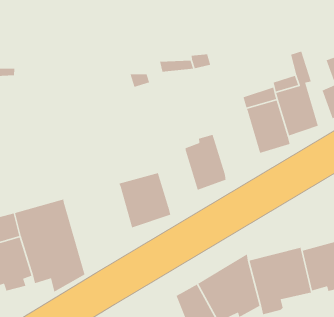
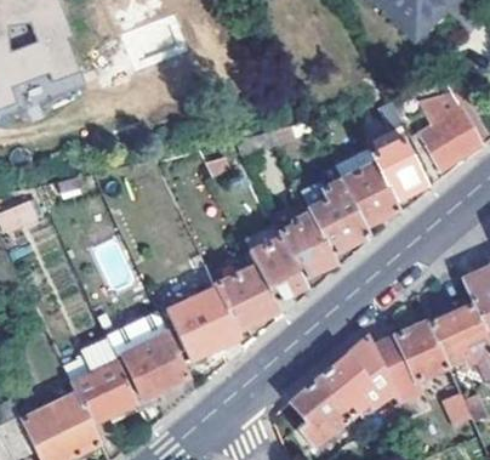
building: none -> [302,181,369,254]
building: none -> [251,237,307,301]
building: none -> [159,288,240,363]

